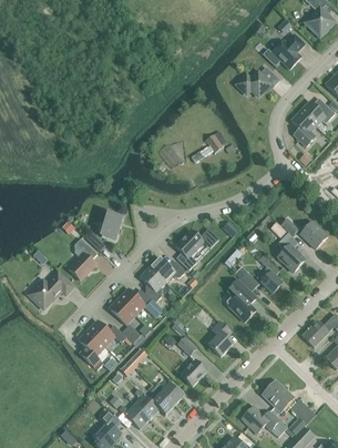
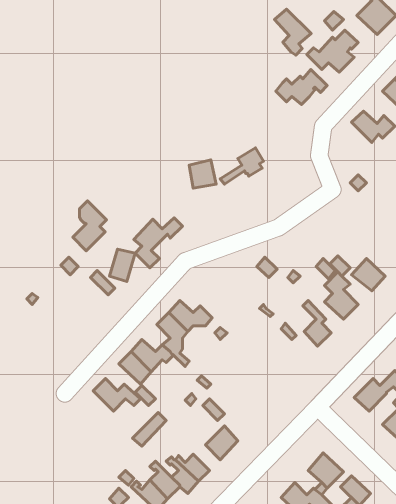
building: none -> [275,9,311,55]
building: [290,110,316,146] -> none
building: [175,228,215,269] -> [134,218,182,268]
building: [69,238,96,279] -> [73,201,107,251]
building: [29,272,73,308] -> none
building: [226,279,256,323] -> none
building: [208,322,233,357] -> none
building: [78,330,104,370] -> none

